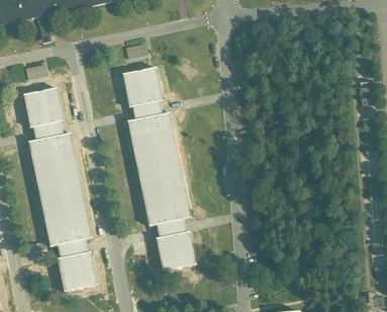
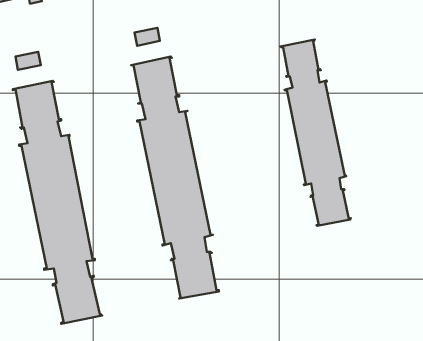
building: none -> [281,40,351,226]

